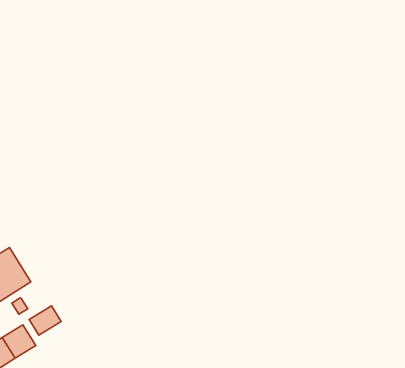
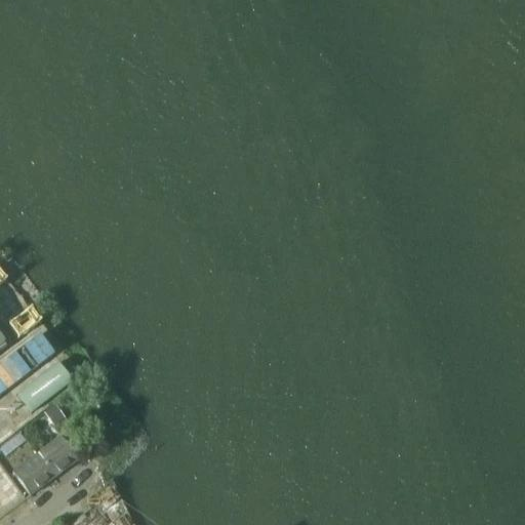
building: [29,306,61,335] -> none

